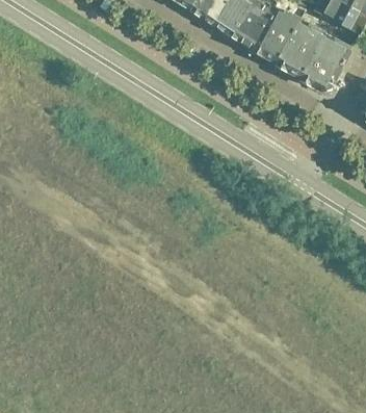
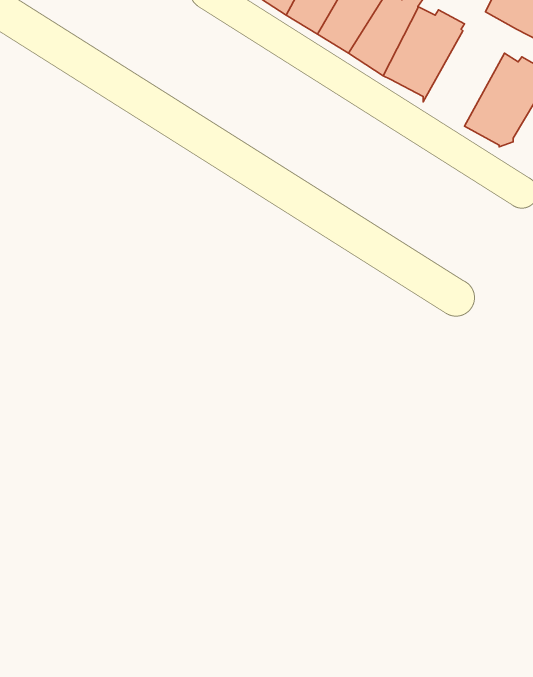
building: [279,17,333,78] -> none

